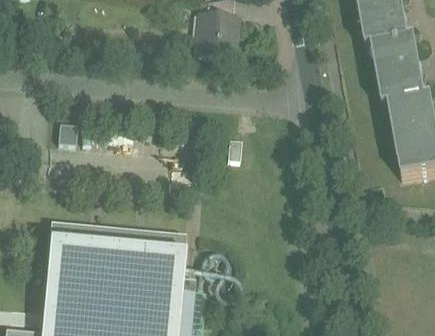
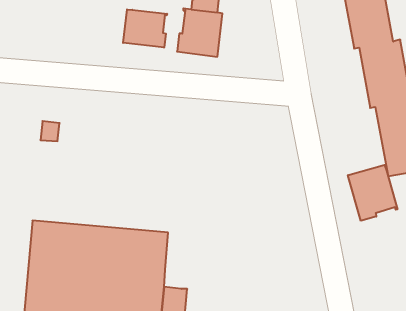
building: none -> [123,9,167,48]
building: none -> [348,165,397,221]

